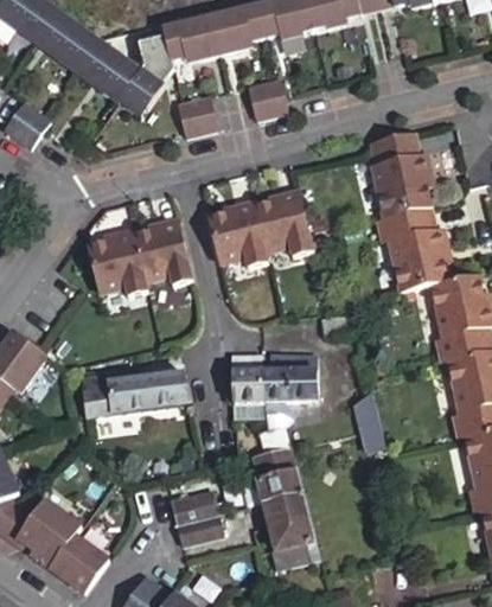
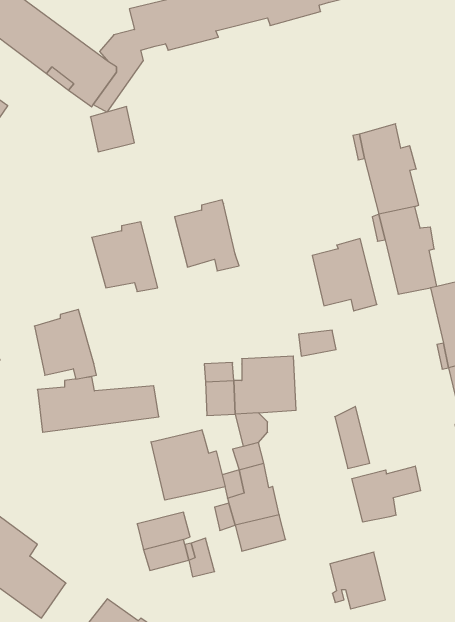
building: [249,76,292,117] -> none
building: [179,94,219,135] -> [90,107,134,152]
building: [250,192,309,258] -> [312,239,377,311]
building: [88,235,145,299] -> [34,309,96,379]
building: none -> [151,430,225,500]
building: none -> [352,466,421,522]
building: [267,516,318,568] -> [330,552,385,609]

